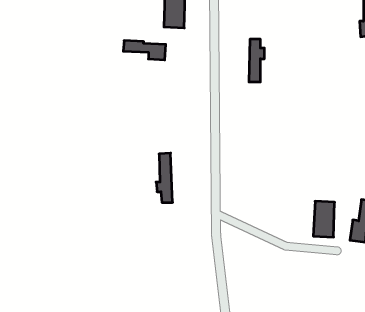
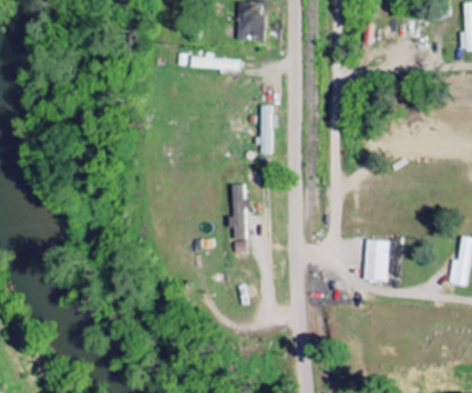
building: [249,39,264,82] -> [259,105,277,154]
building: [313,201,335,237] -> [363,240,388,281]

